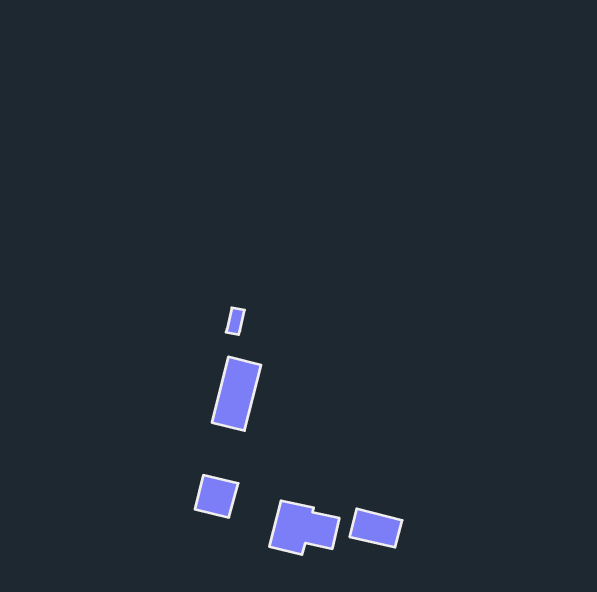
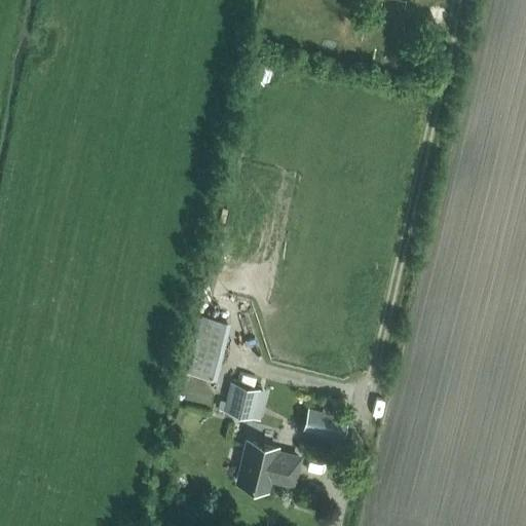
building: [195,475,238,517] -> [221,384,259,421]
building: [350,509,402,547] -> [301,410,347,444]

